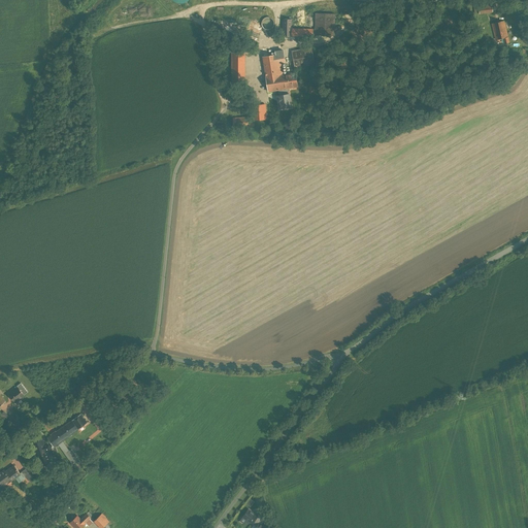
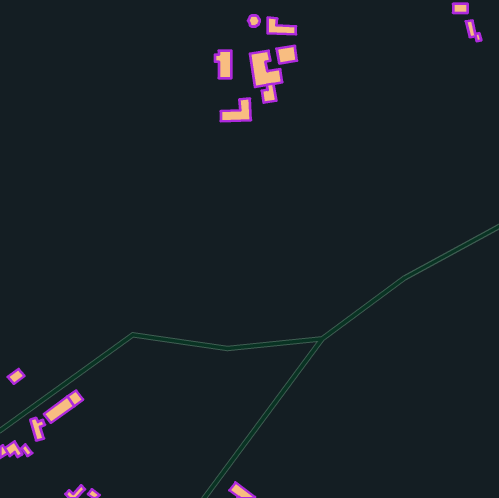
building: [315,12,335,35] -> none

